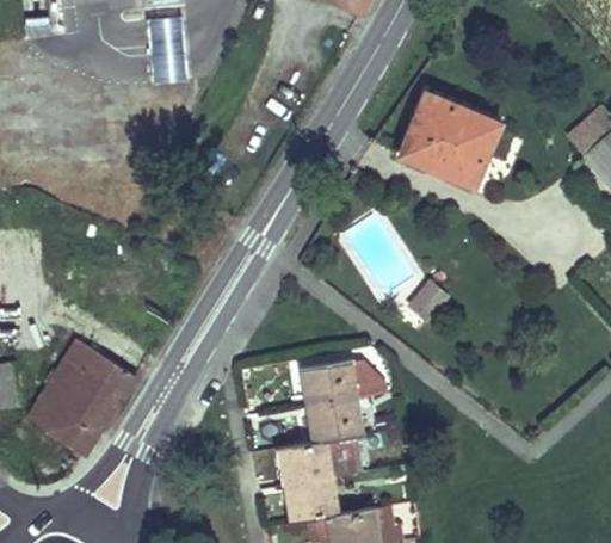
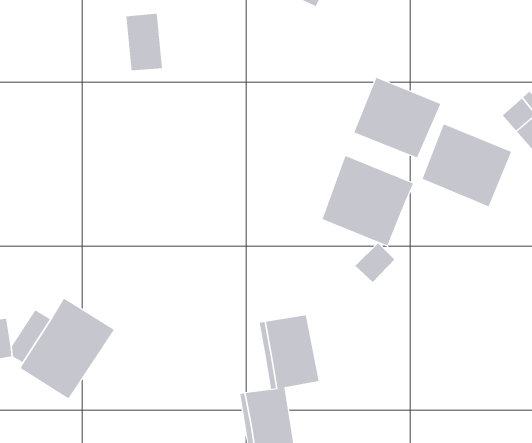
building: none -> [422,124,512,207]
building: none -> [322,155,414,246]

